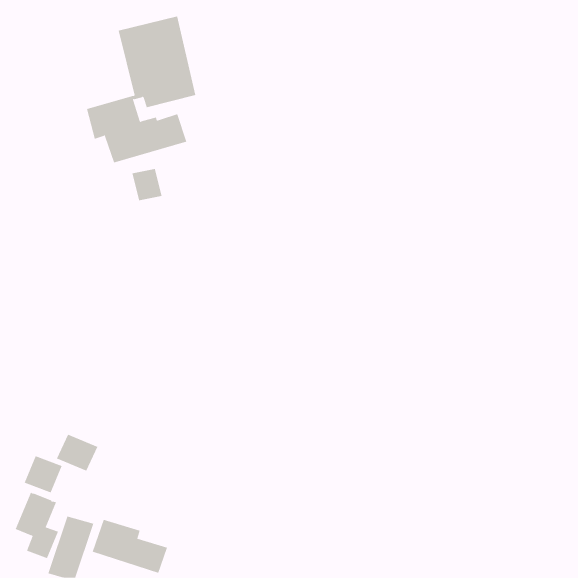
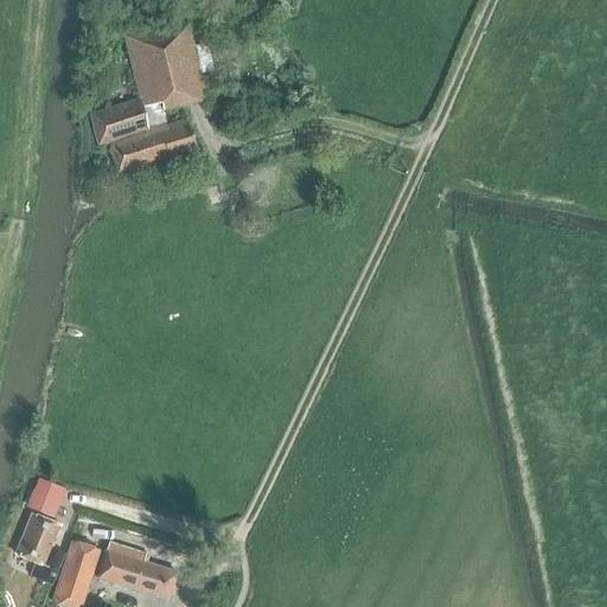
building: [132,168,162,201] -> none
building: [56,434,98,472] -> none

